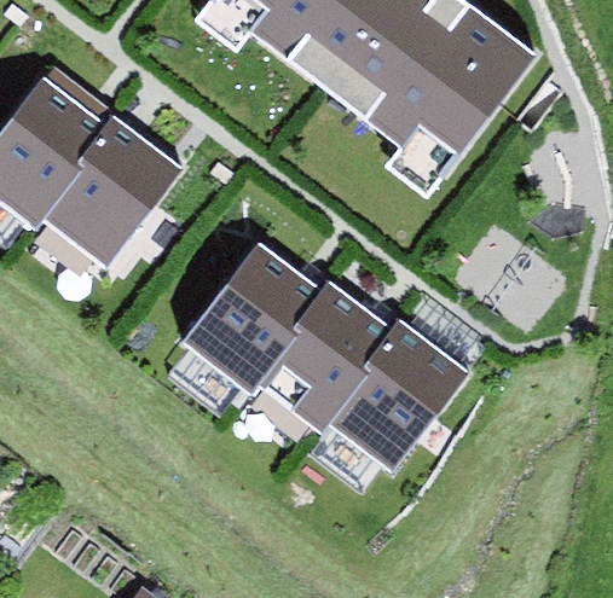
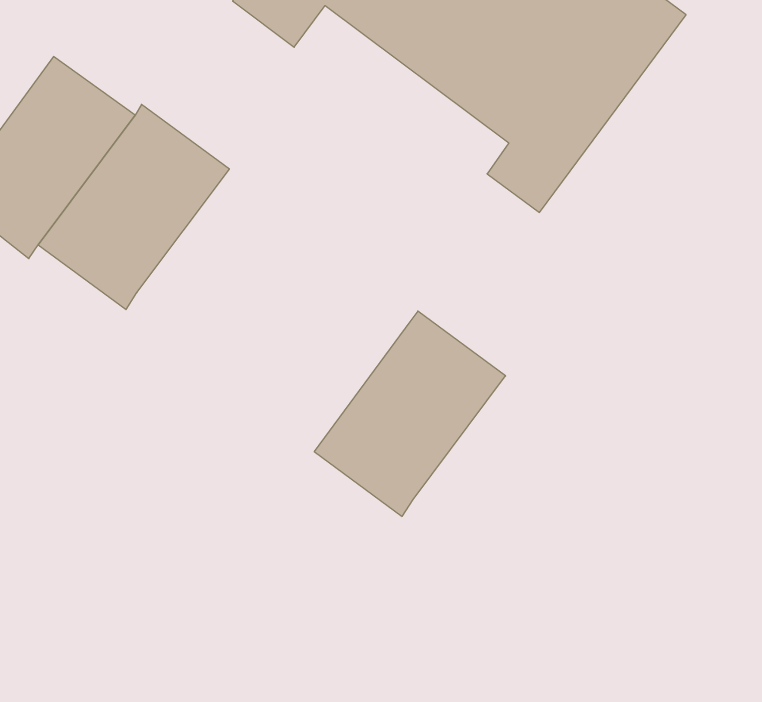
building: [177,238,322,396] -> none
building: [324,318,474,476] -> none

